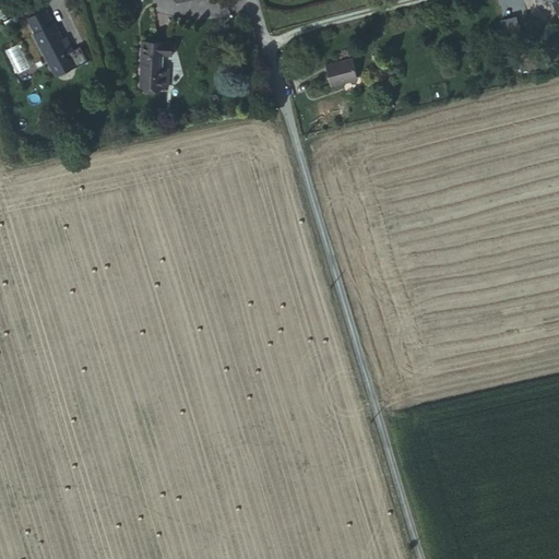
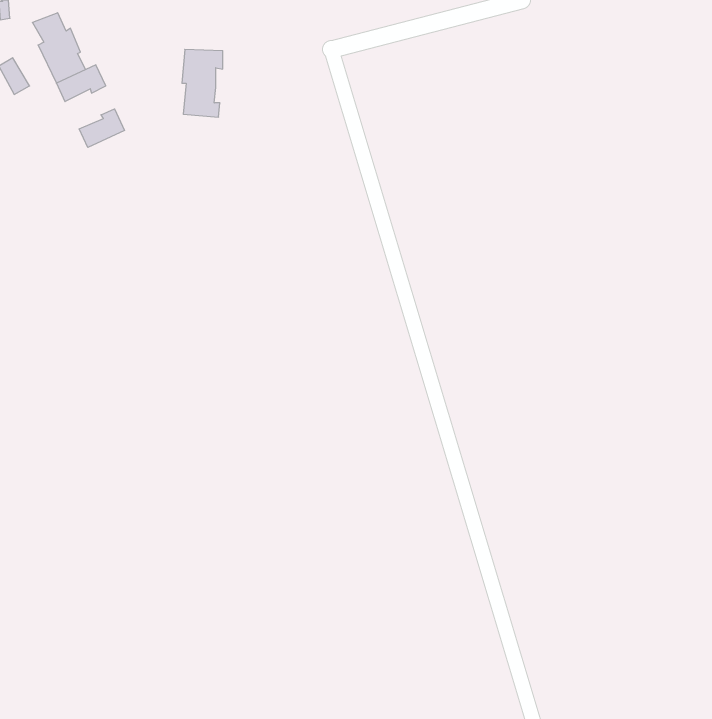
building: [325,59,359,90] -> none
building: none -> [79,109,124,147]

